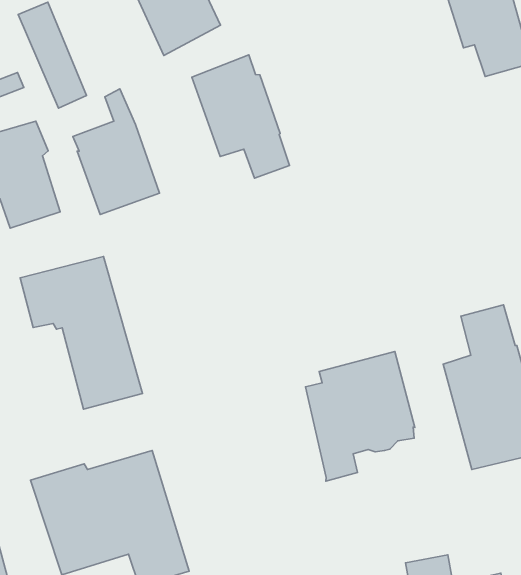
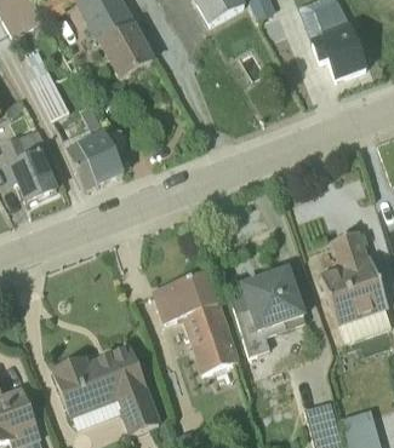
building: [192,55,290,178] -> none
building: [20,256,143,409] -> [152,270,239,373]

